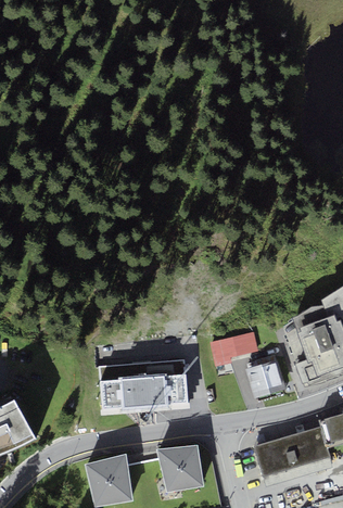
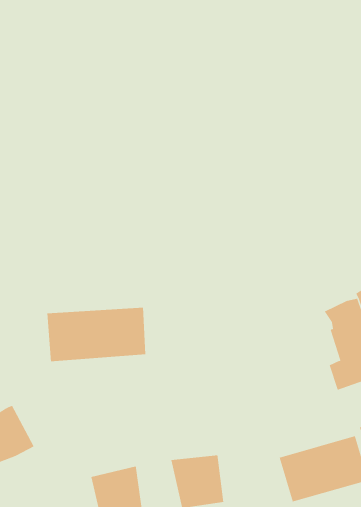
building: [211,332,257,366] -> none
building: [98,360,187,409] -> [47,307,146,362]
building: [245,360,287,399] -> none

